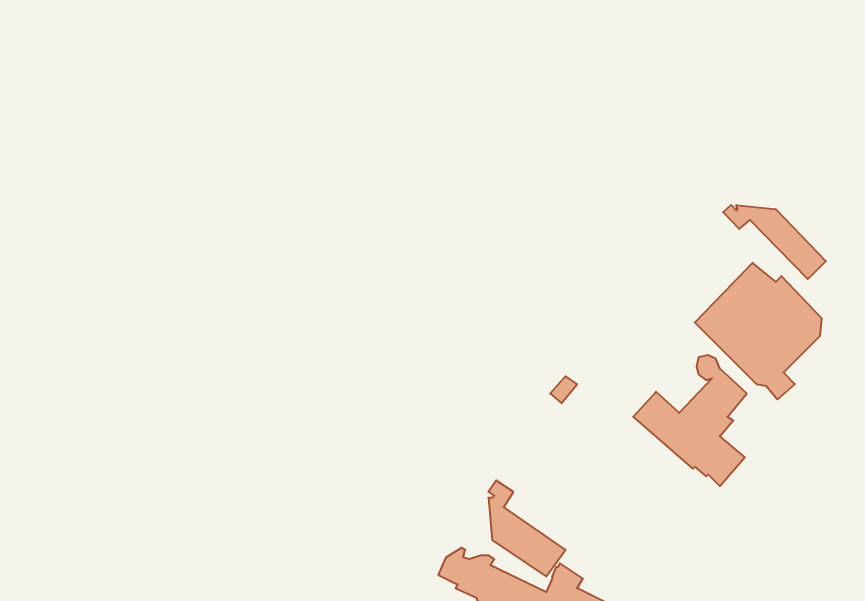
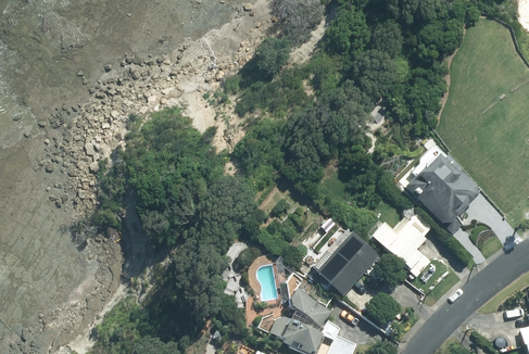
building: [723,205,826,279] -> none
building: none -> [316,231,379,295]

